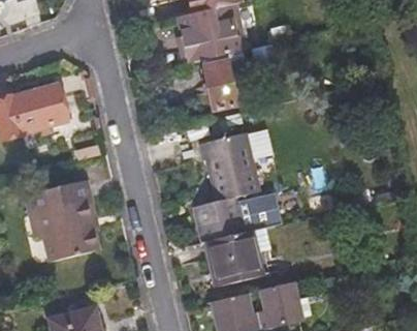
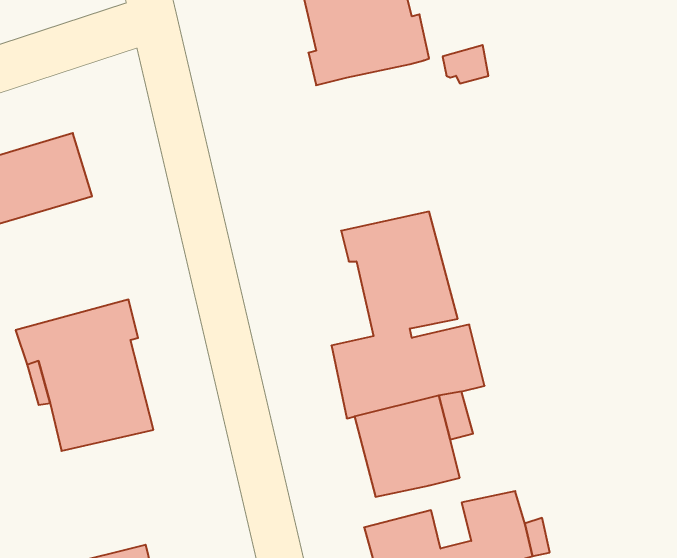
building: [201,50,246,111] -> none

